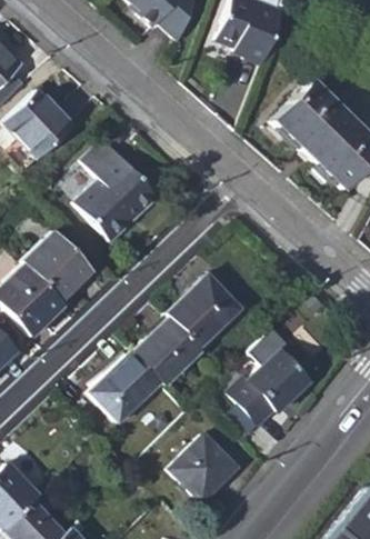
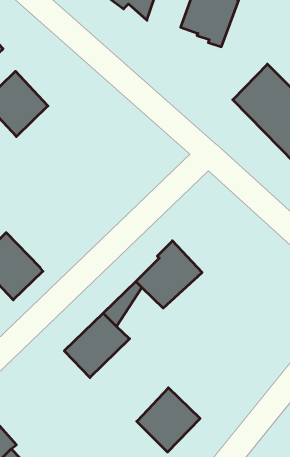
building: [77,140,158,240] -> none
building: [26,233,94,302] -> none
building: [147,325,200,382] -> none
building: [227,351,308,426] -> none

